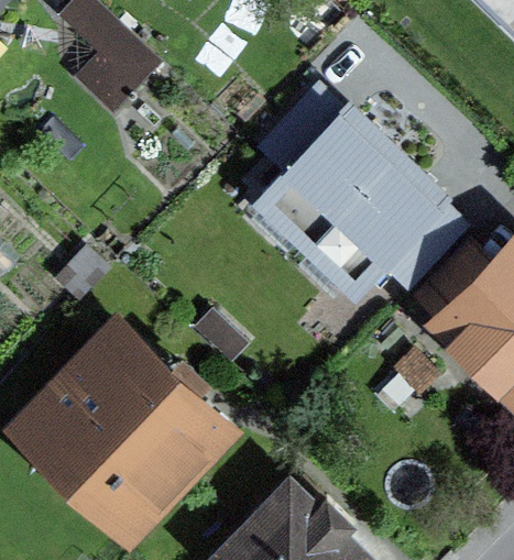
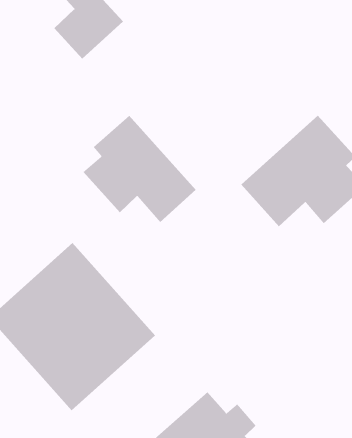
building: [261,94,393,240] -> none
building: none -> [83,115,196,223]

